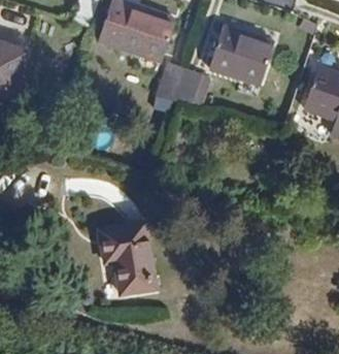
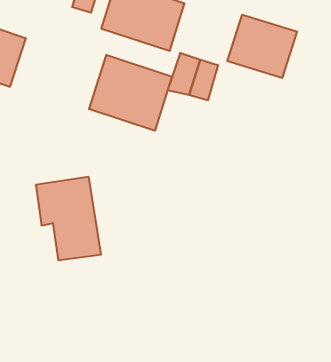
building: none -> [89,55,172,131]
building: [98,217,158,293] -> [36,177,101,260]

